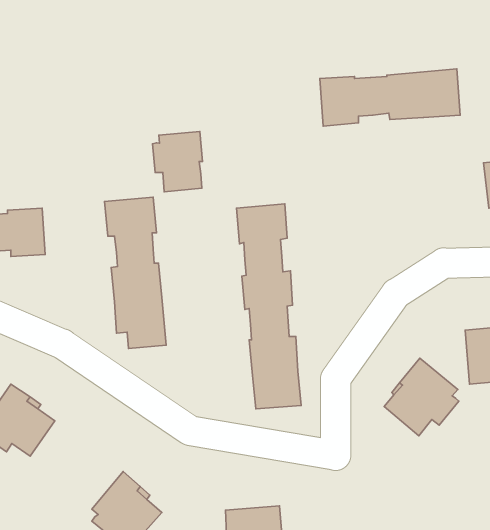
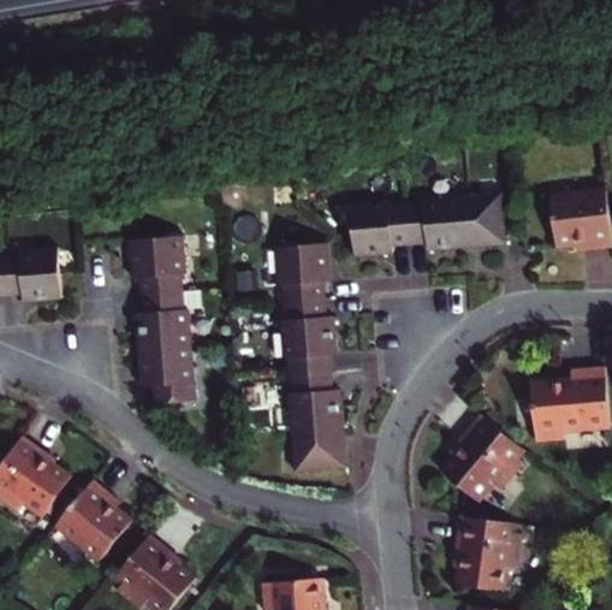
building: [320,69,460,126] -> [350,191,506,255]
building: [153,131,203,192] -> none
building: none -> [53,486,130,568]
building: none -> [454,515,521,592]

